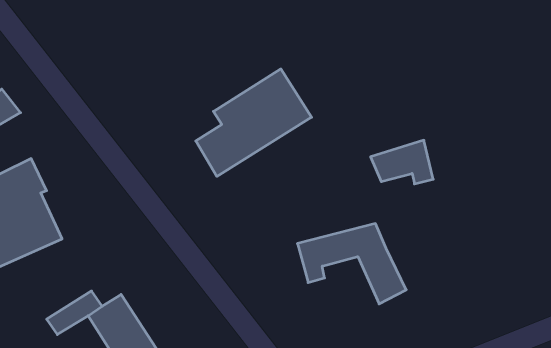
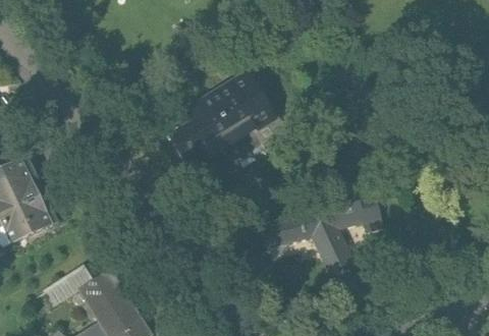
building: [371,140,433,184] -> [327,192,381,230]

